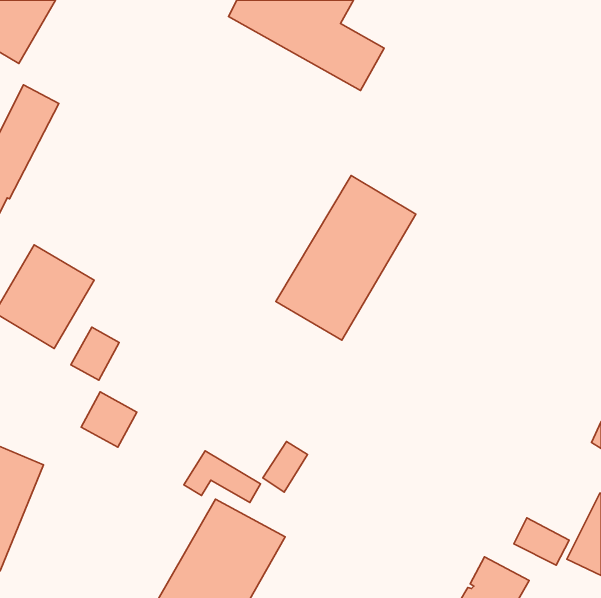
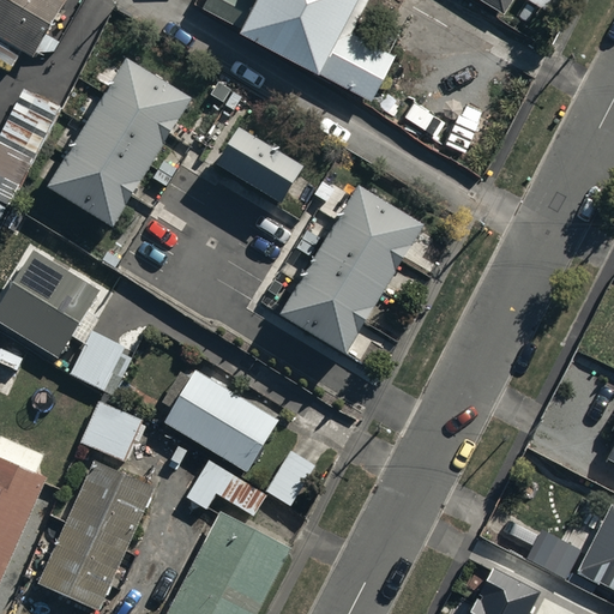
building: none -> [48,56,193,225]
building: none -> [217,126,303,201]
building: none -> [169,377,273,469]
building: none -> [35,458,156,606]

